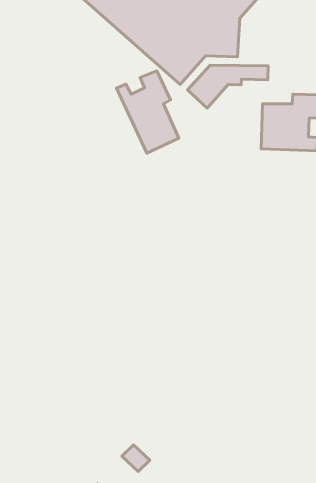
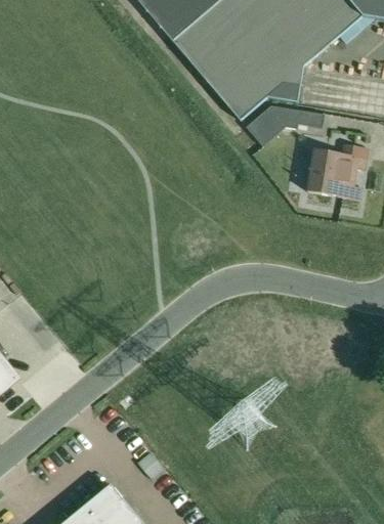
building: [116,71,179,153] -> none

